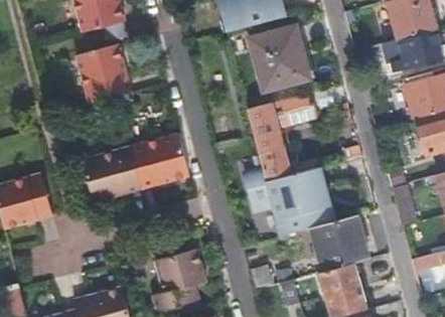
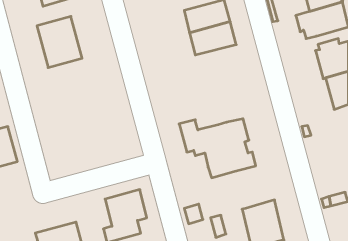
building: [247,92,315,178] -> none
building: [81,134,188,201] -> none
building: [311,214,369,271] -> none

